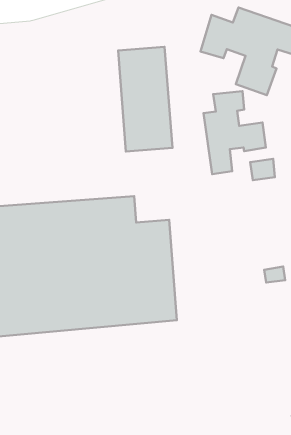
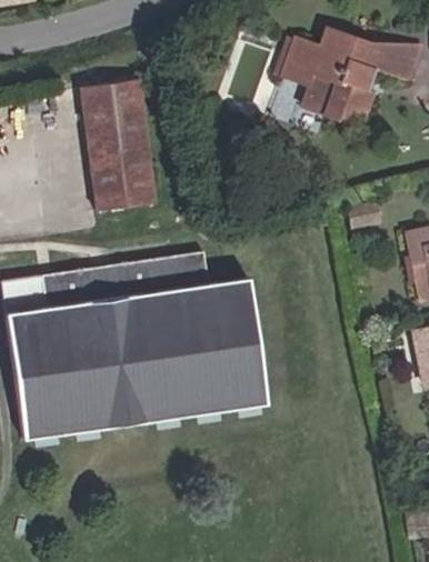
building: [118,47,172,152] -> [78,79,151,210]
building: [203,91,266,174] -> none

